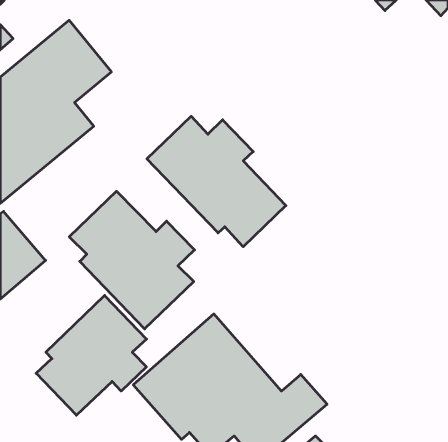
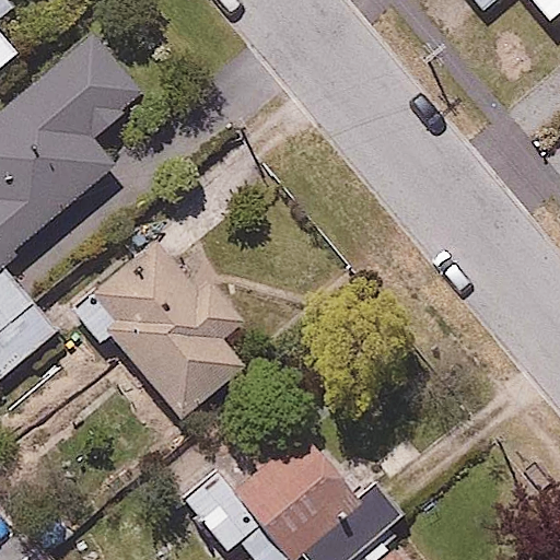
building: [147,116,286,247] -> none
building: [36,295,147,415] -> none

